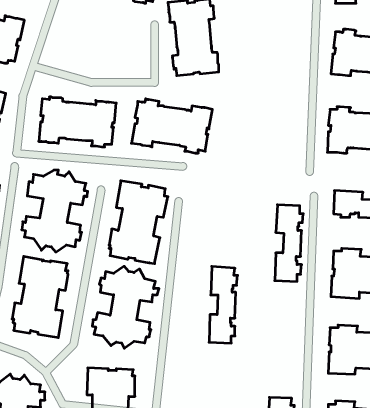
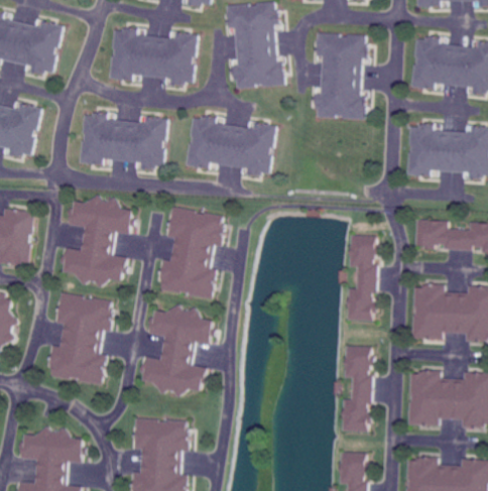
building: none -> [109,27,197,85]
building: none -> [312,32,368,118]
building: [209,266,238,343] -> [342,345,374,432]

